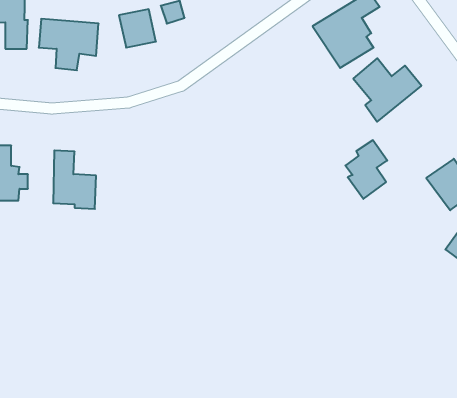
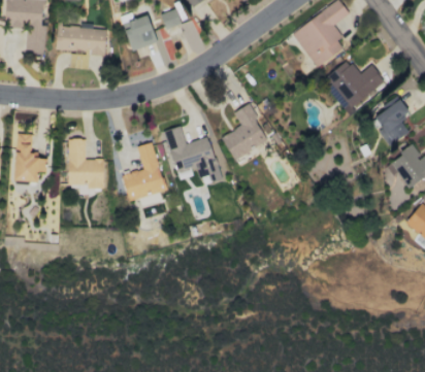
building: none -> [222,104,269,160]
building: none -> [165,126,222,184]
building: [345,140,387,199] -> [374,96,411,146]
building: none -> [123,142,166,200]

